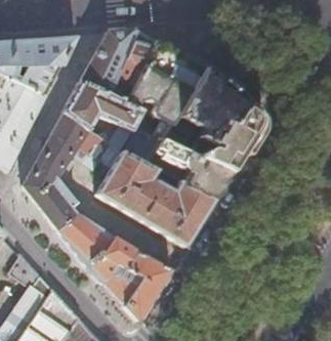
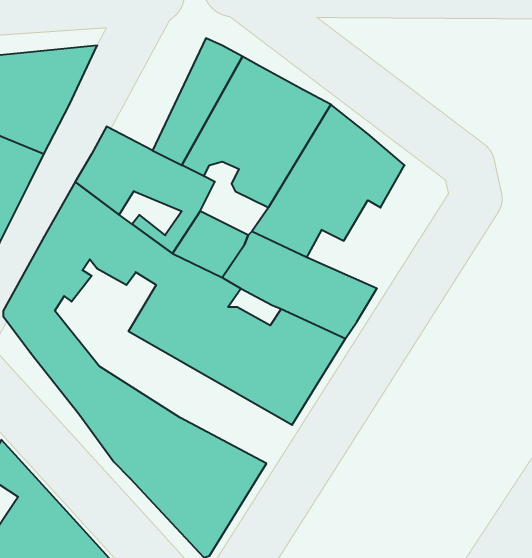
building: [80,29,135,92] -> none
building: [192,100,259,169] -> none

